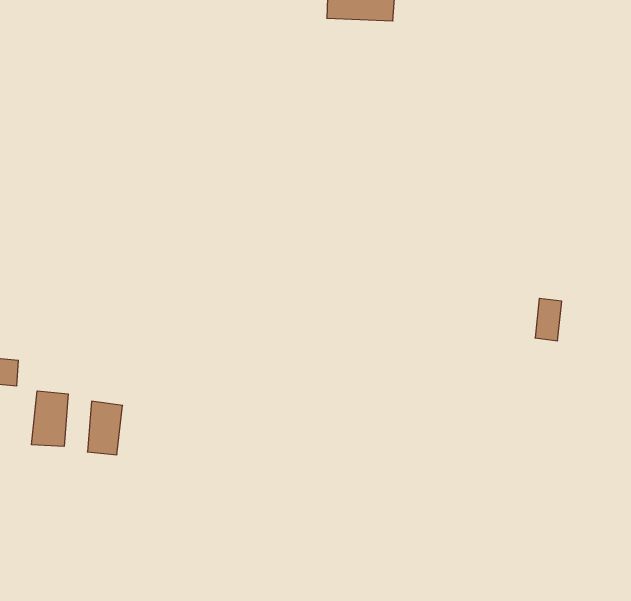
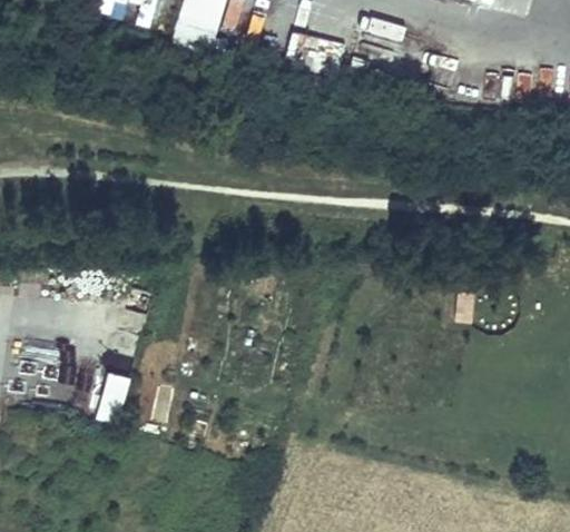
building: [32,391,68,446] -> none

